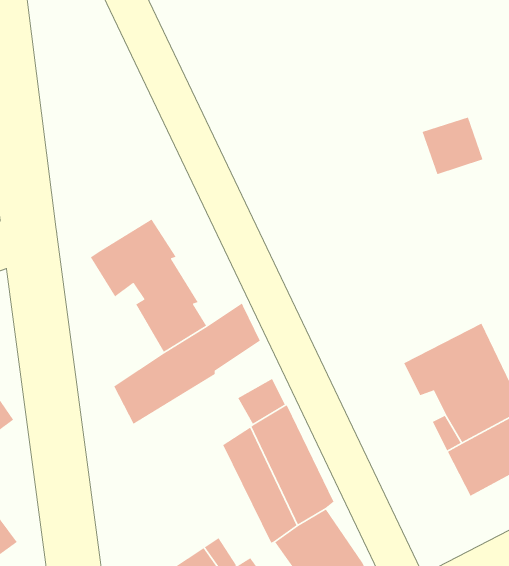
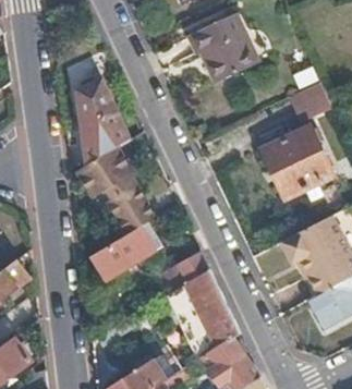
building: none -> [185,11,256,80]
building: none -> [73,77,129,169]
building: none -> [263,126,336,198]

